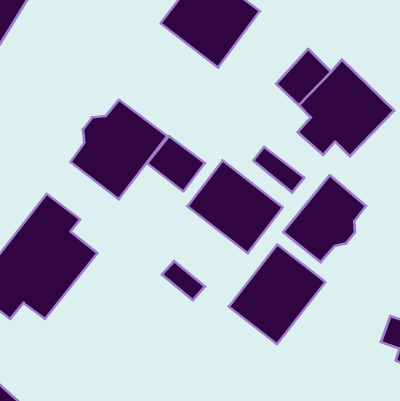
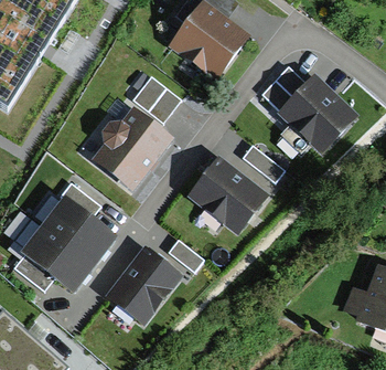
building: [147,136,205,191] -> [132,77,180,123]
building: [283,175,366,262] -> none
building: [229,245,325,344] -> [104,244,183,326]

